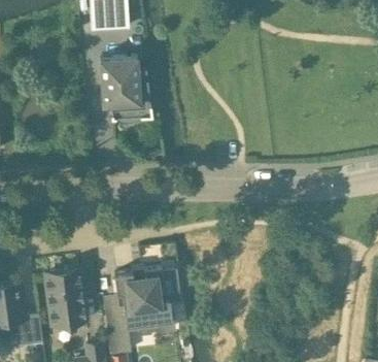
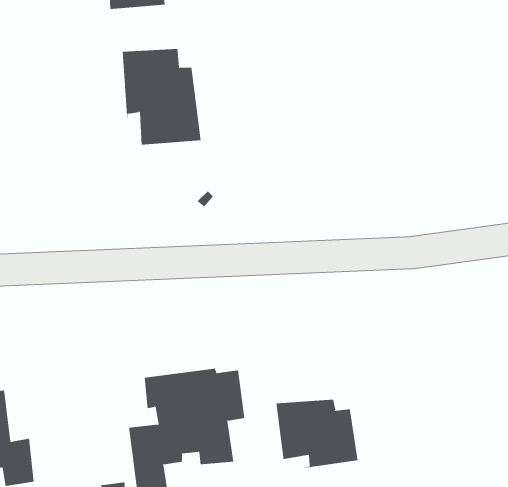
building: [45,270,84,325] -> none
building: none -> [276,399,358,468]

